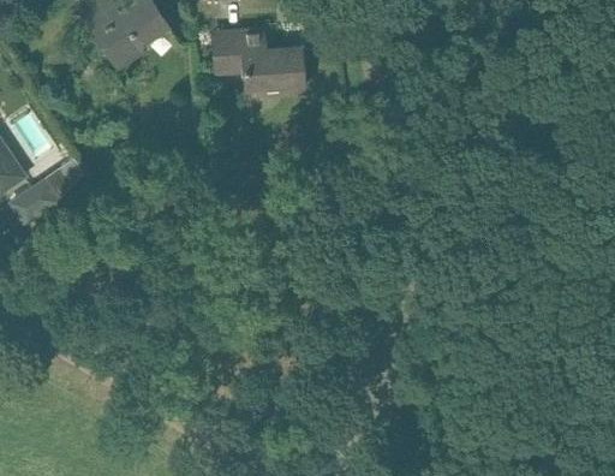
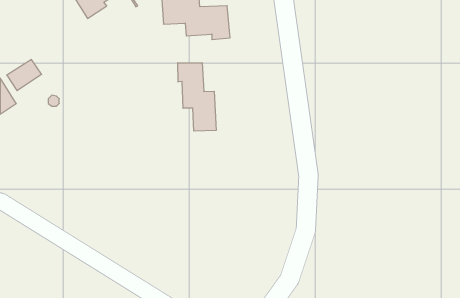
building: none -> [178,63,216,131]
building: [12,184,58,225] -> [7,60,42,91]

